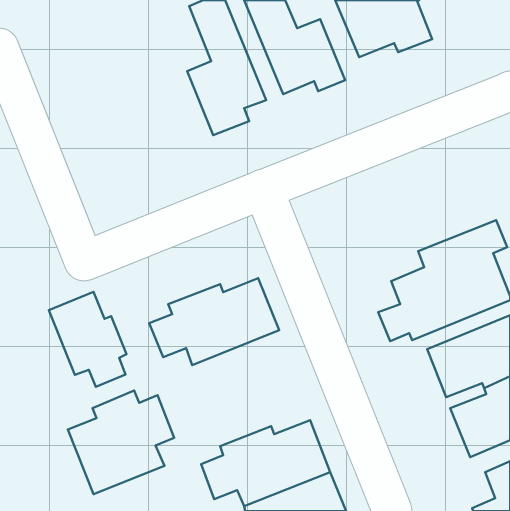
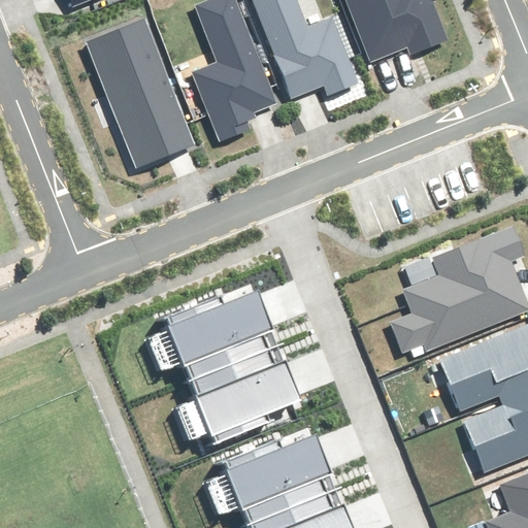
building: none -> [87,19,192,166]
building: [49,292,127,387] -> none
building: none -> [180,340,309,441]
building: [68,391,174,494] -> none

